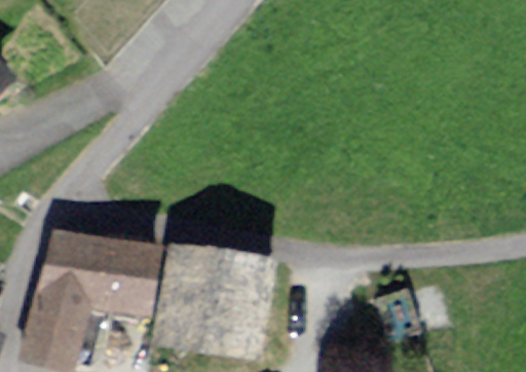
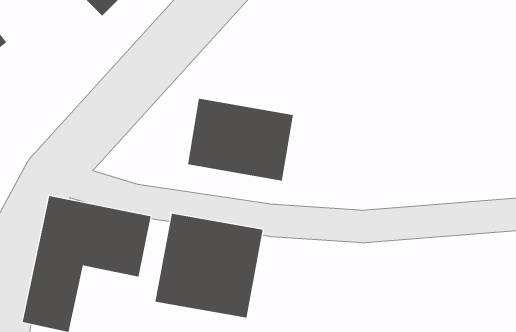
building: none -> [187,98,293,182]

